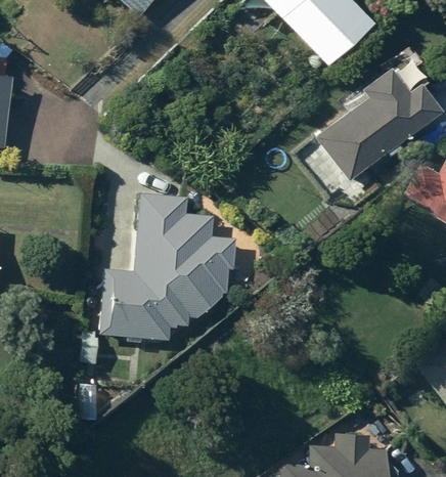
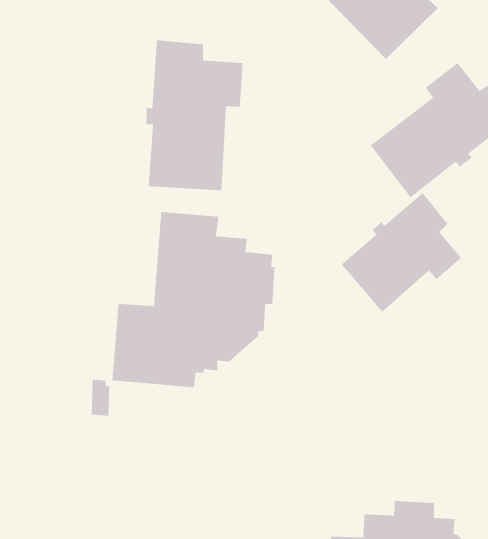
building: none -> [146,40,243,191]
building: none -> [341,192,462,312]

